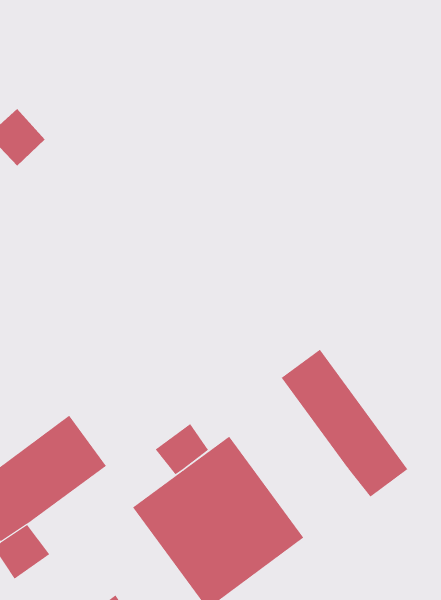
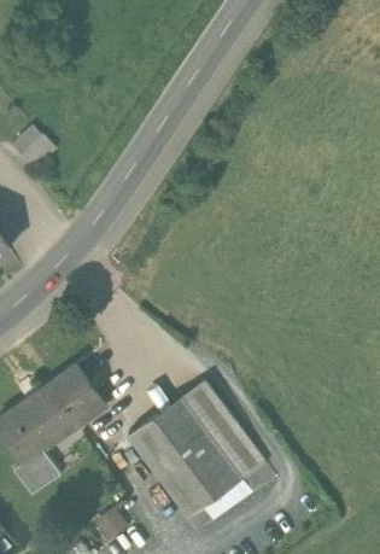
building: [281,349,408,498] -> none
building: [155,423,209,475] -> none

